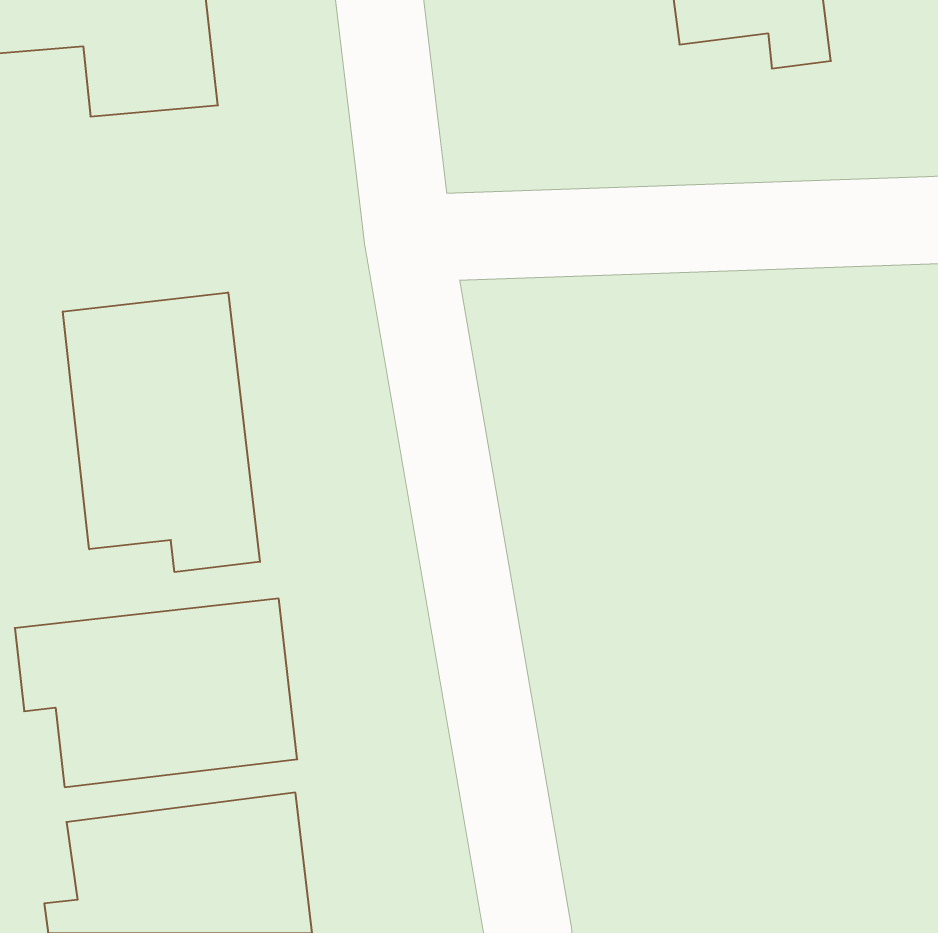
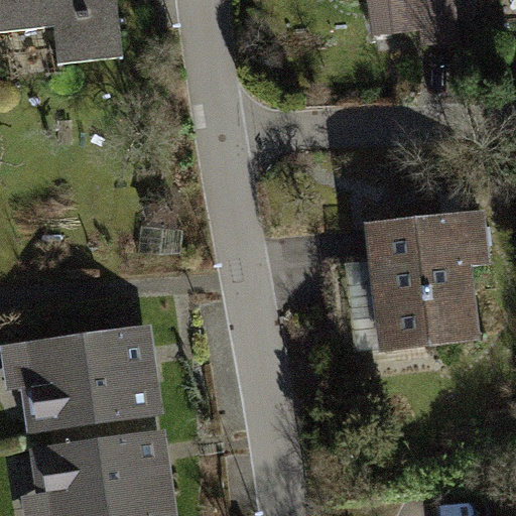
building: [63,292,260,572] -> none
building: none -> [367,217,487,352]

